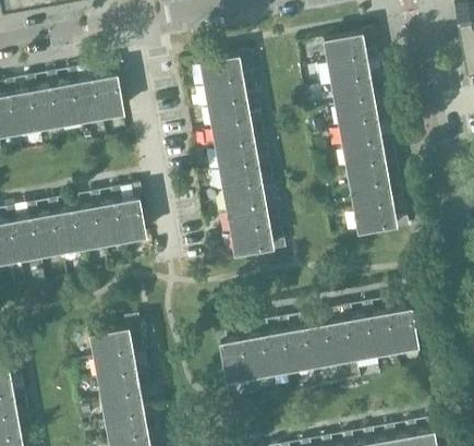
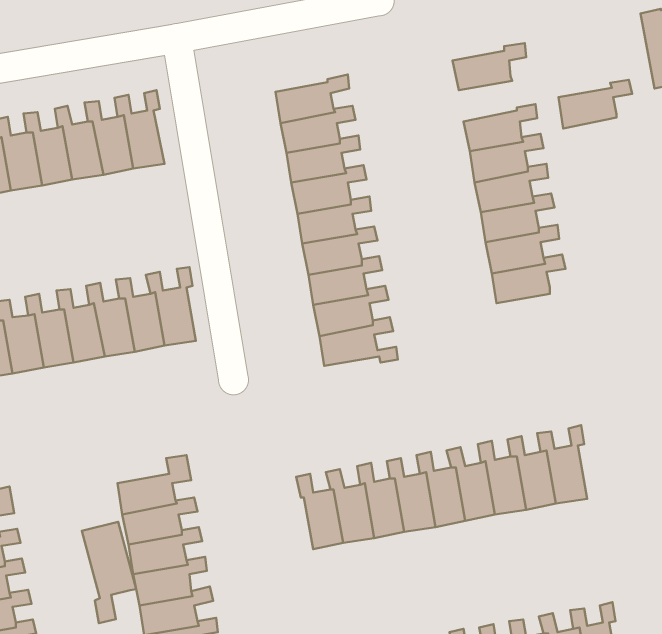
building: [328,52,379,86] -> [558,80,632,128]
building: [354,200,409,234] -> none
building: none -> [82,522,136,623]

